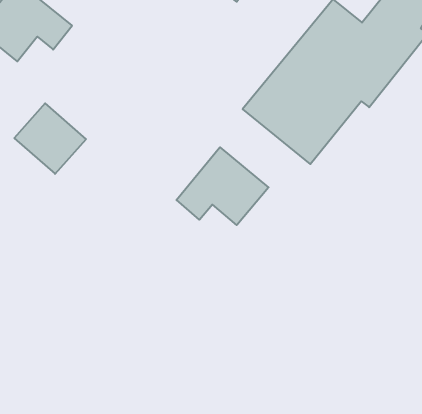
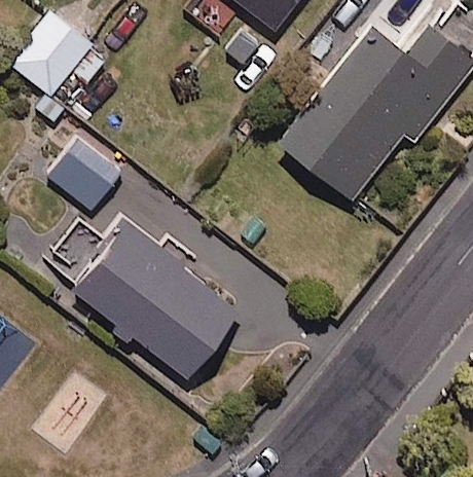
building: [176,147,269,225] -> none
building: none -> [44,222,243,382]

